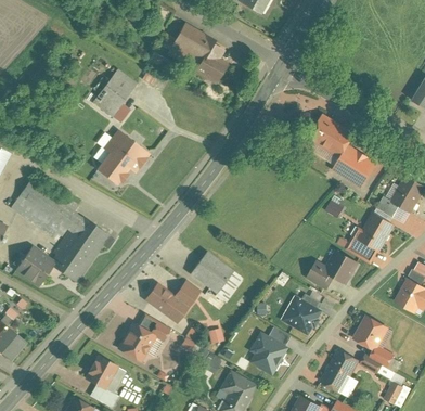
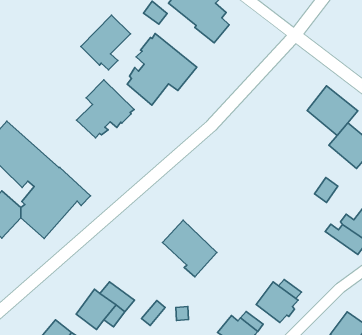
building: none -> [127,33,197,105]
building: [308,251,358,290] -> none
building: [145,281,201,323] -> none

